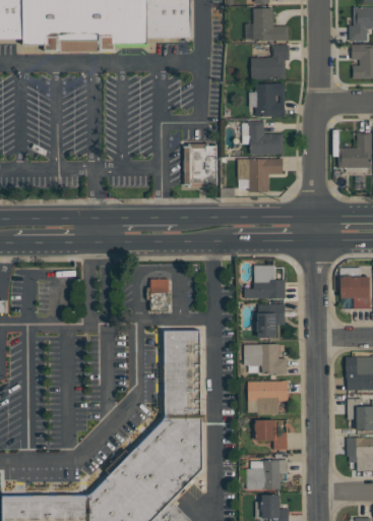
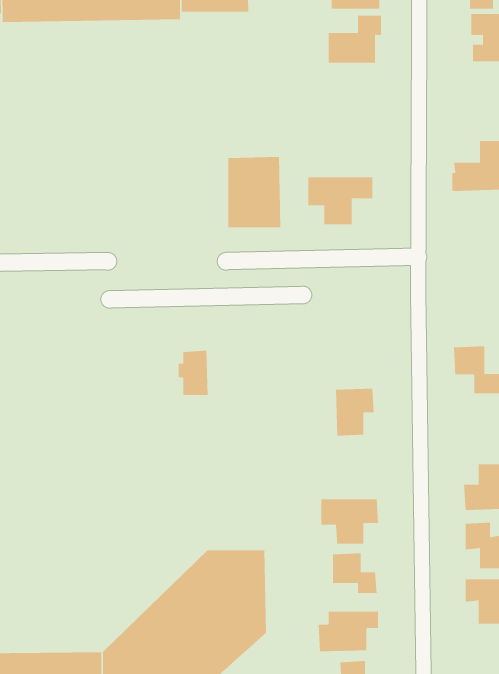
building: [255,81,285,115] -> none
building: [248,119,283,153] -> none
building: [245,265,284,298] -> none
building: [166,330,207,417] -> none
building: [242,344,285,373] -> none

